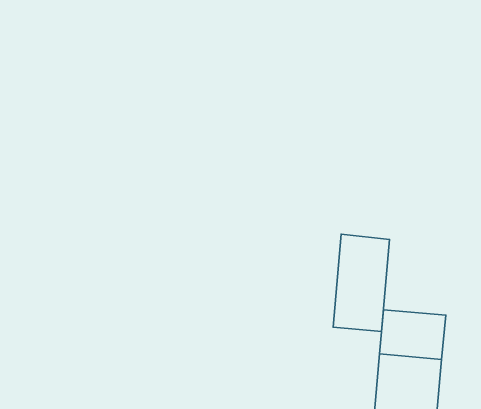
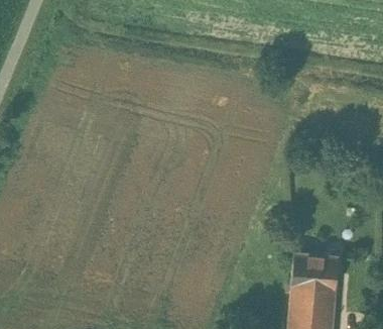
building: [333,234,390,331] -> none

